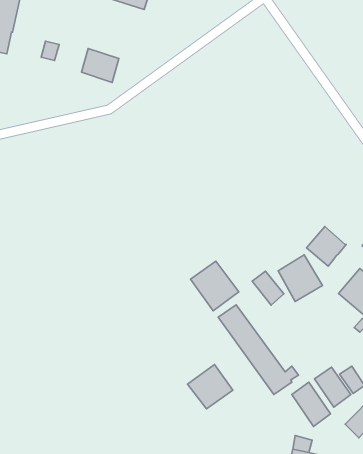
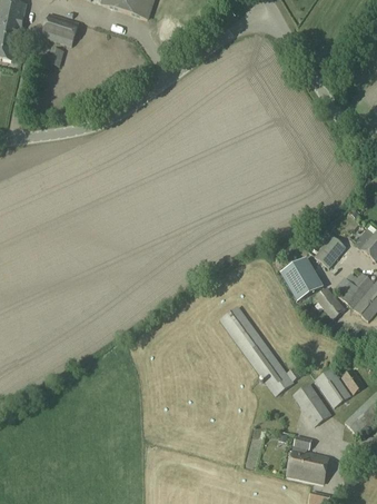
building: [81,48,119,82] -> [42,12,79,46]
building: [190,261,239,311] -> none
building: [252,271,284,305] -> [314,286,345,319]
building: [188,365,233,409] -> none

